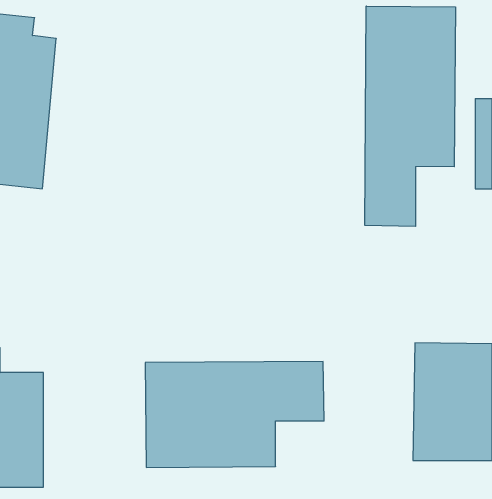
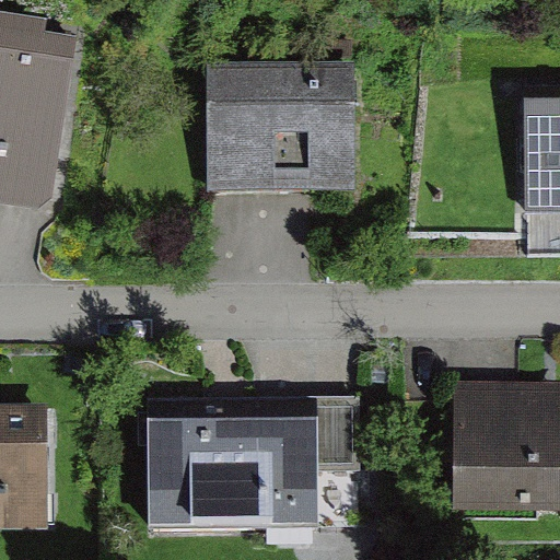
building: [365,6,455,226] -> none
building: none -> [208,66,355,192]

